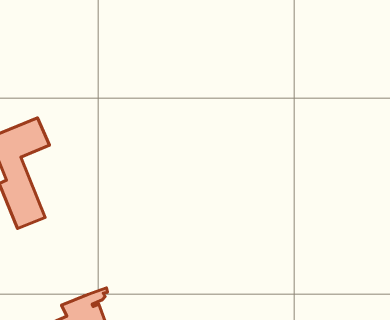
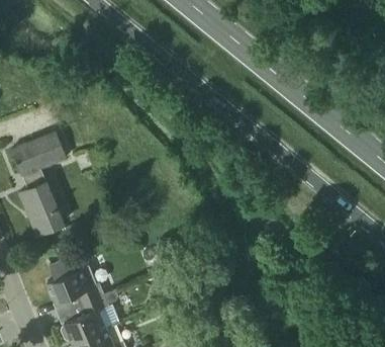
building: none -> [46,257,101,305]

